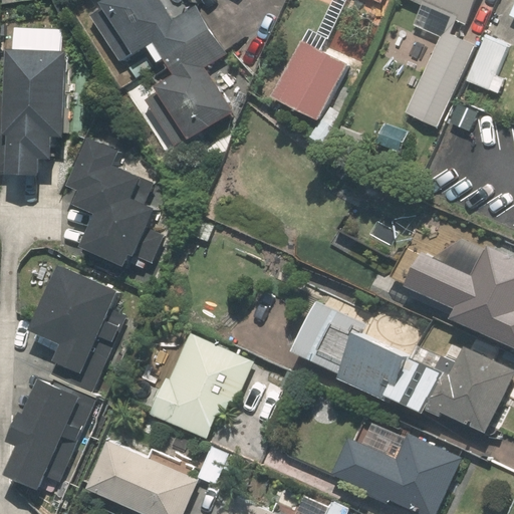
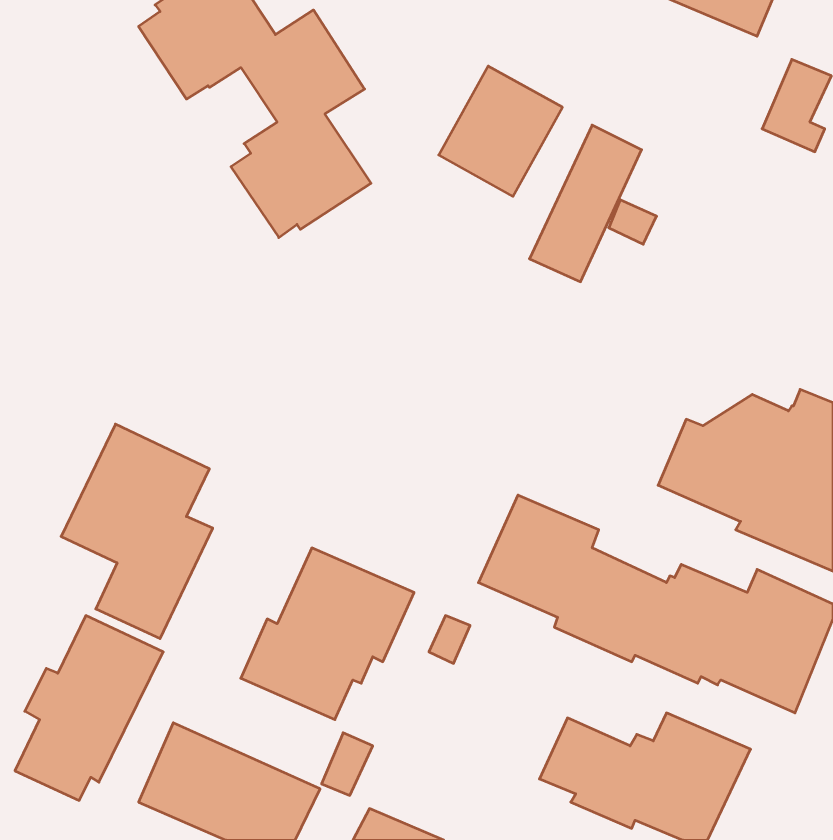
building: [403,31,471,126] -> [529,125,642,282]
building: [10,42,77,173] -> none
building: [79,131,166,262] -> none

